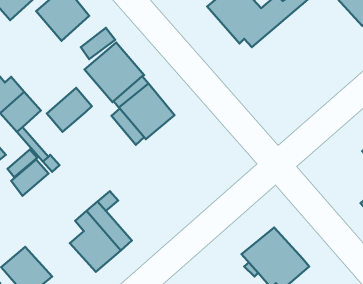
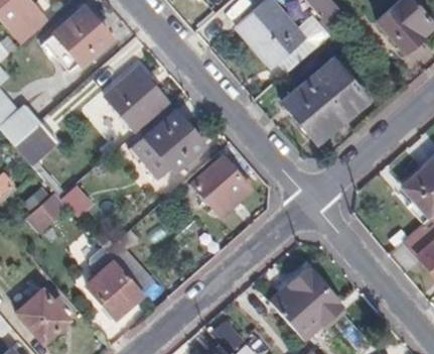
building: none -> [282,58,365,139]
building: [47,88,92,132] -> none
building: none -> [190,157,244,211]

